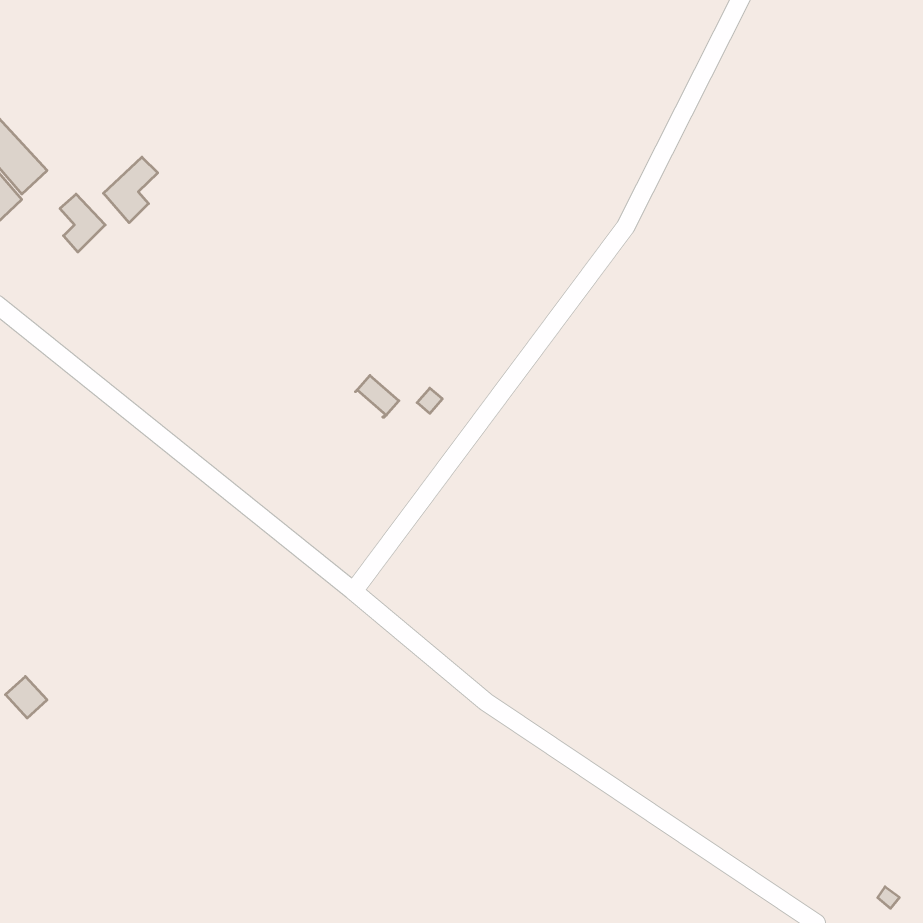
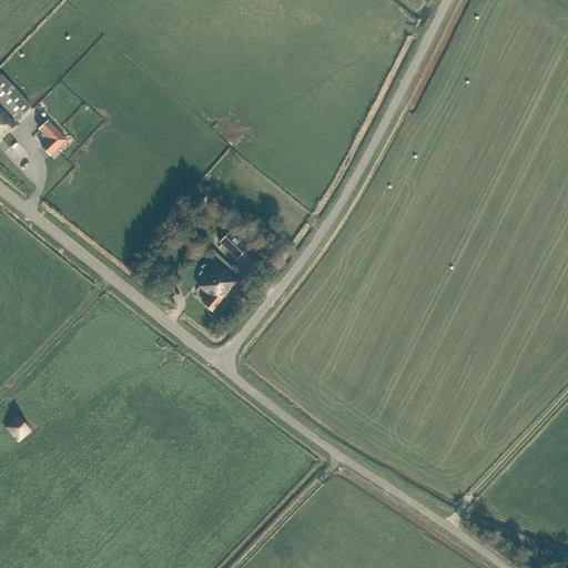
building: [103,157,158,223] -> none
building: none -> [196,263,235,310]

